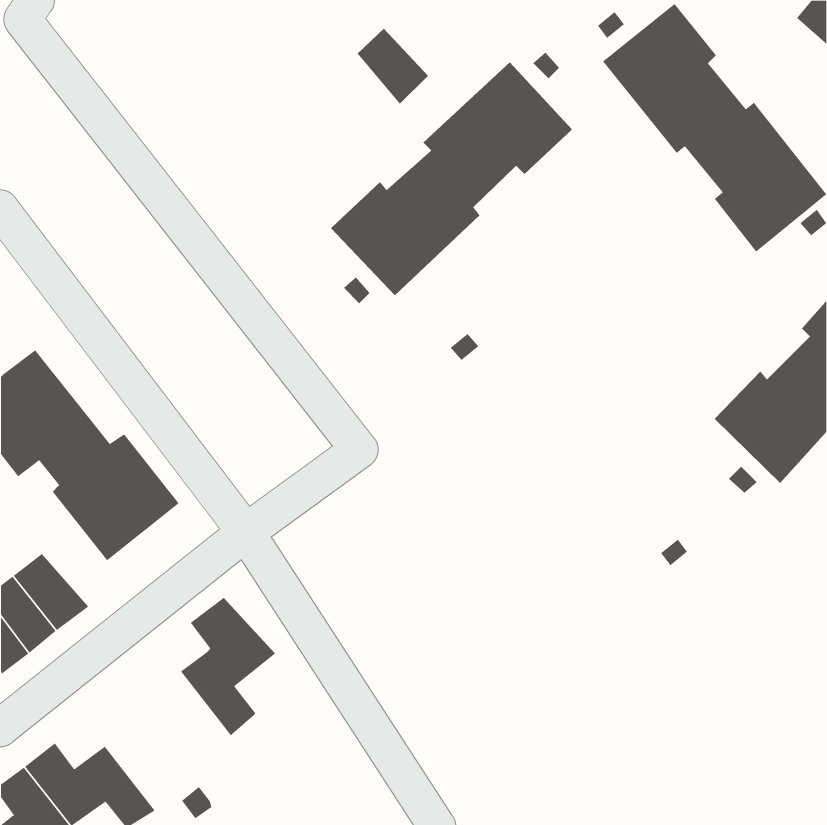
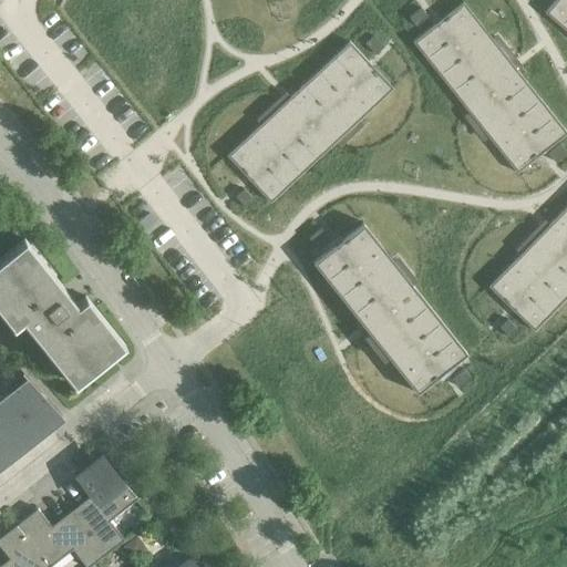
building: [357,28,429,104] -> none
building: none -> [312,224,466,394]
building: [180,597,276,736] -> [72,461,137,556]

